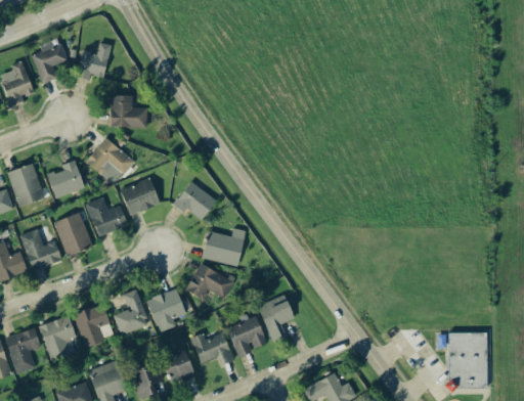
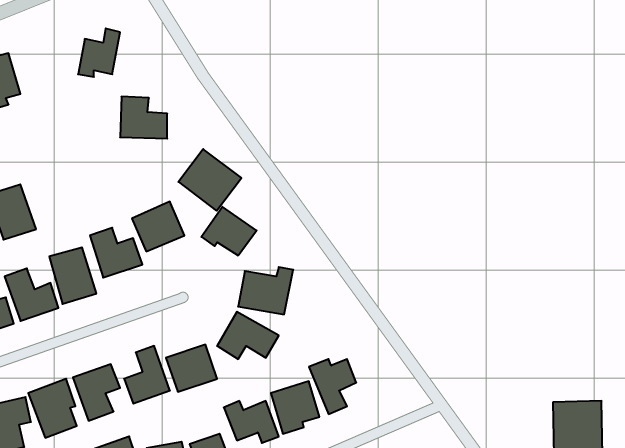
building: [32,41,67,83] -> none
building: [86,137,135,185] -> [178,149,241,211]
building: [47,160,85,198] -> none

